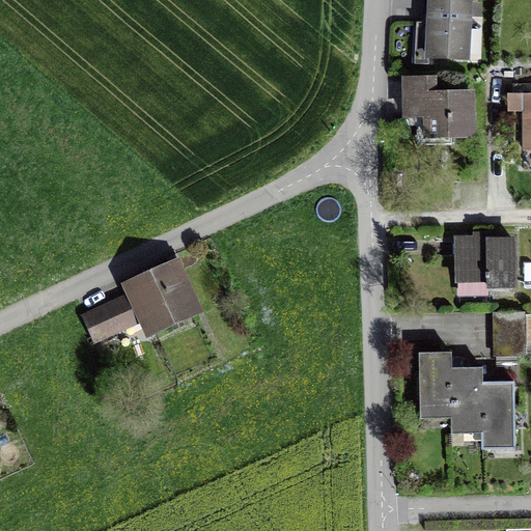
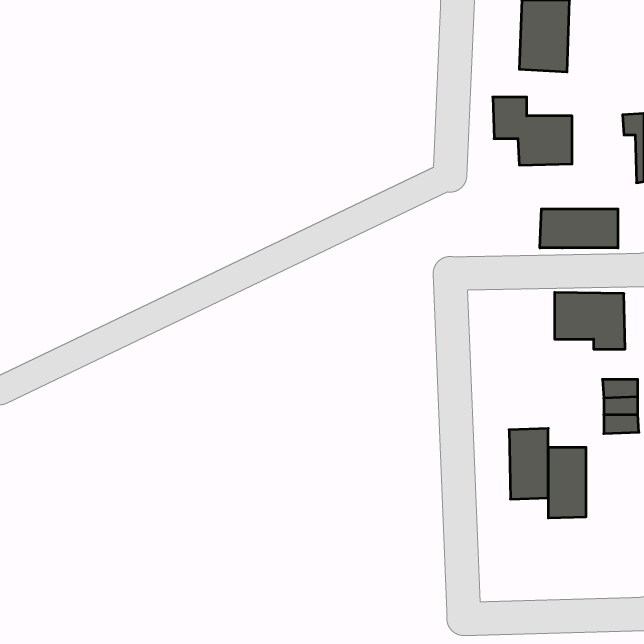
building: none -> [540,209,618,248]
building: [88,272,189,340] -> none
building: [482,383,514,441] -> none

